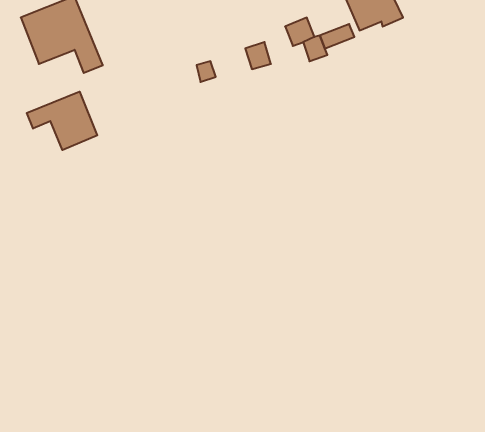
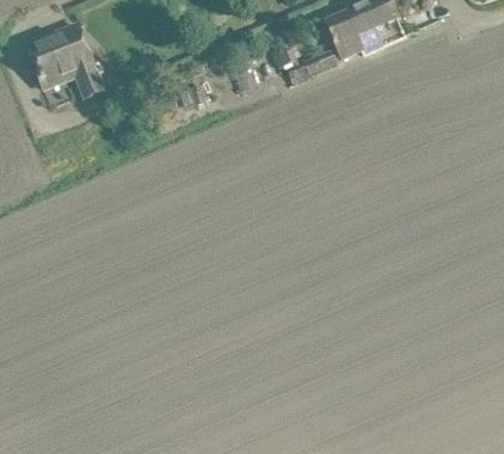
building: [27,92,97,150] -> none

